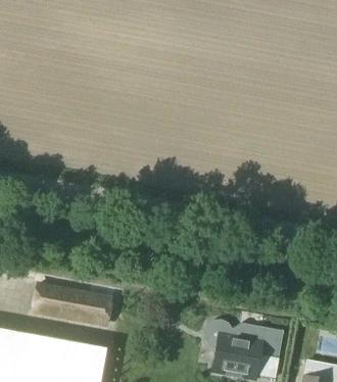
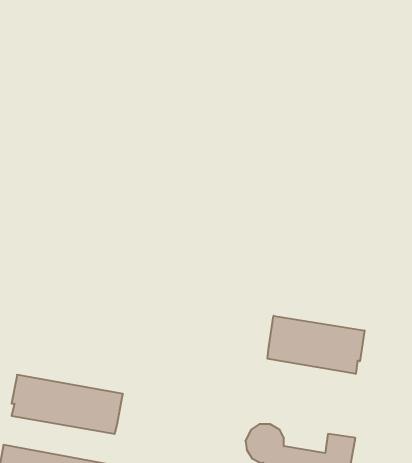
building: none -> [268,316,365,374]

